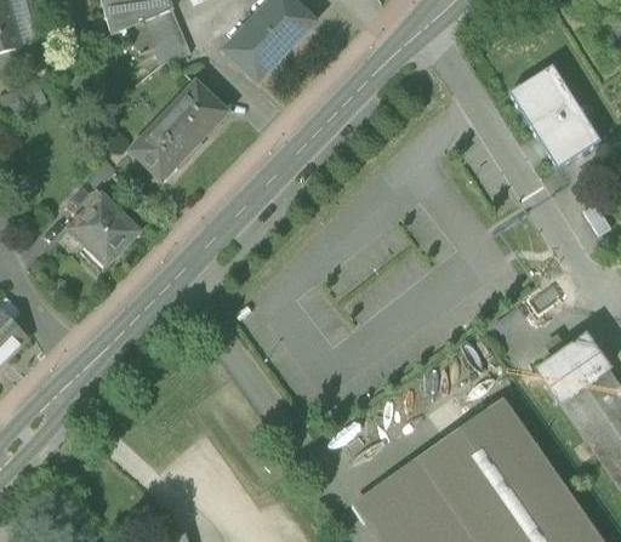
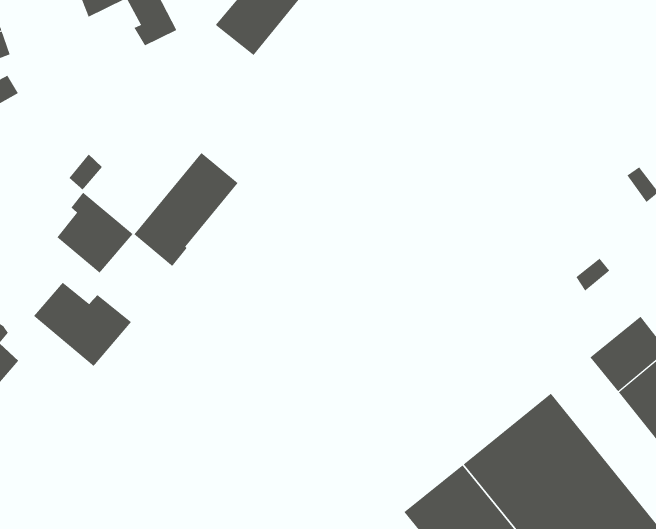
building: [508,64,600,169] -> none
building: [130,80,227,181] -> [134,152,239,267]
building: none -> [33,282,132,367]

